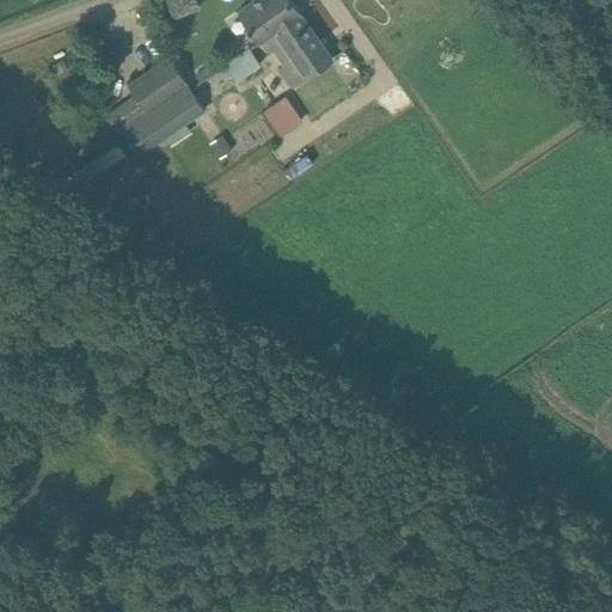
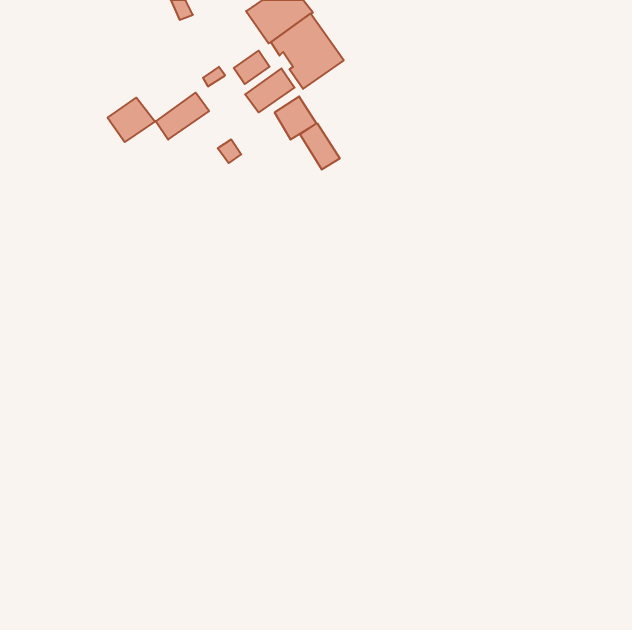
building: [128,59,189,118] -> none
building: none -> [245,68,295,112]
building: none -> [300,123,340,170]

